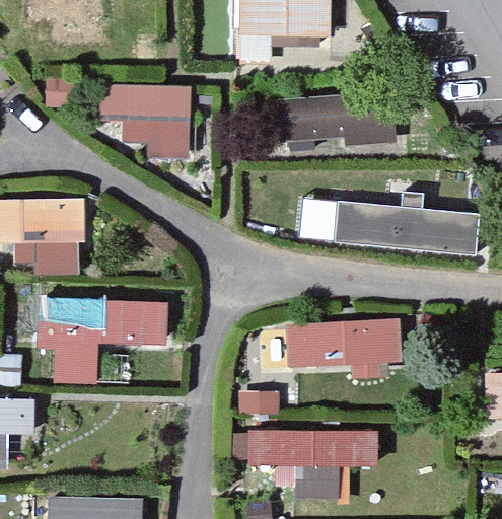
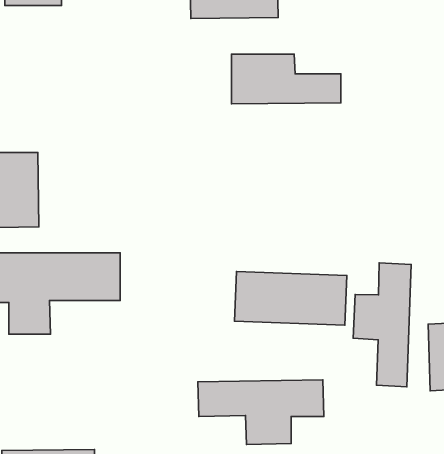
building: [97,82,193,155] -> none
building: [297,201,477,251] -> none
building: none -> [353,263,411,387]

